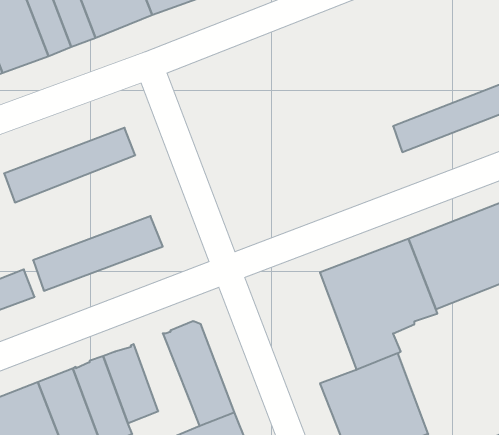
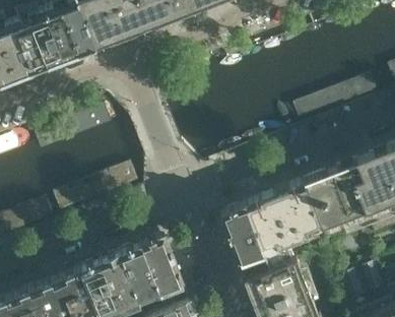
building: none -> [222,205,269,279]
building: none -> [121,246,157,298]

